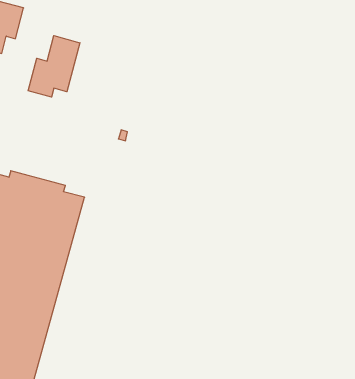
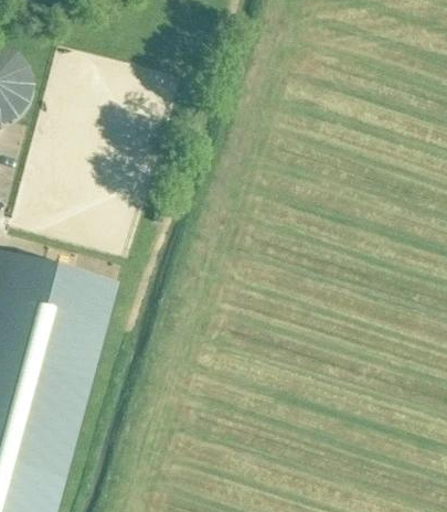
building: [28,36,80,97] -> none

